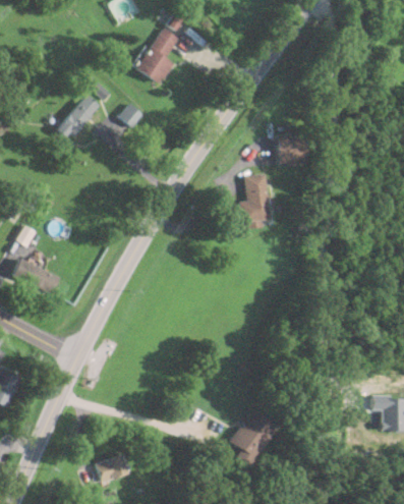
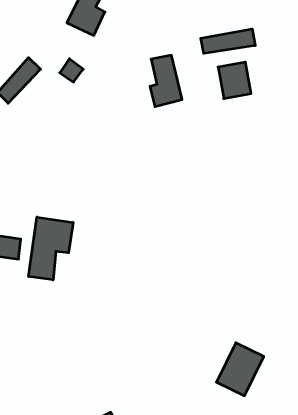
building: none -> [201,29,255,53]
building: [238,174,268,222] -> [150,55,182,107]
building: none -> [29,217,73,280]

